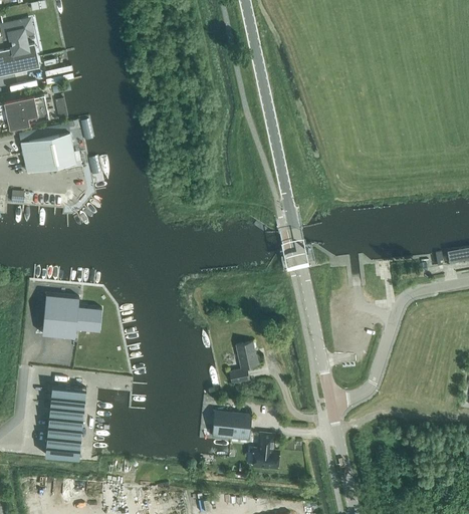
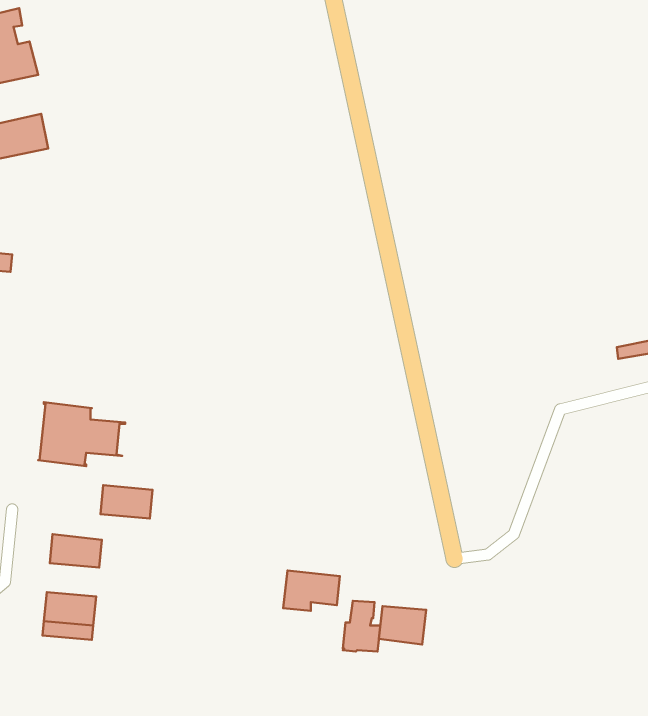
building: [21,133,76,173] -> none
building: [230,342,259,383] -> none
building: [48,406,84,429] -> [100,485,153,519]
building: none -> [379,606,426,644]

